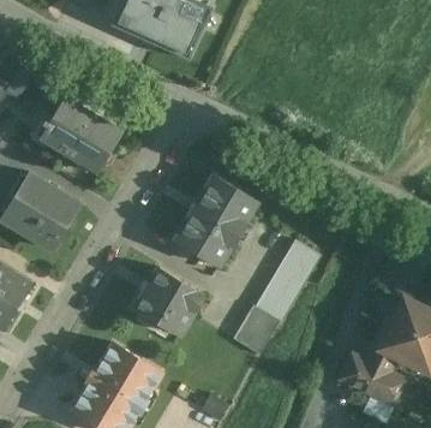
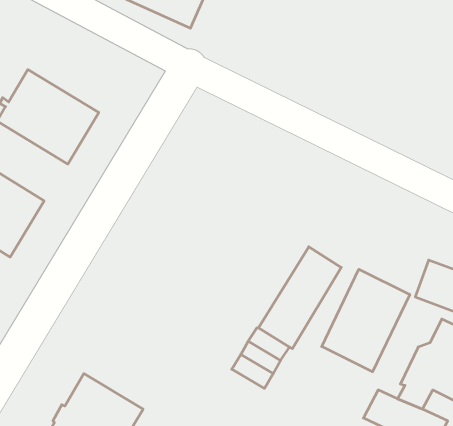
building: [172,176,255,268] -> none
building: none -> [322,269,410,372]
building: [132,268,200,337] -> none

